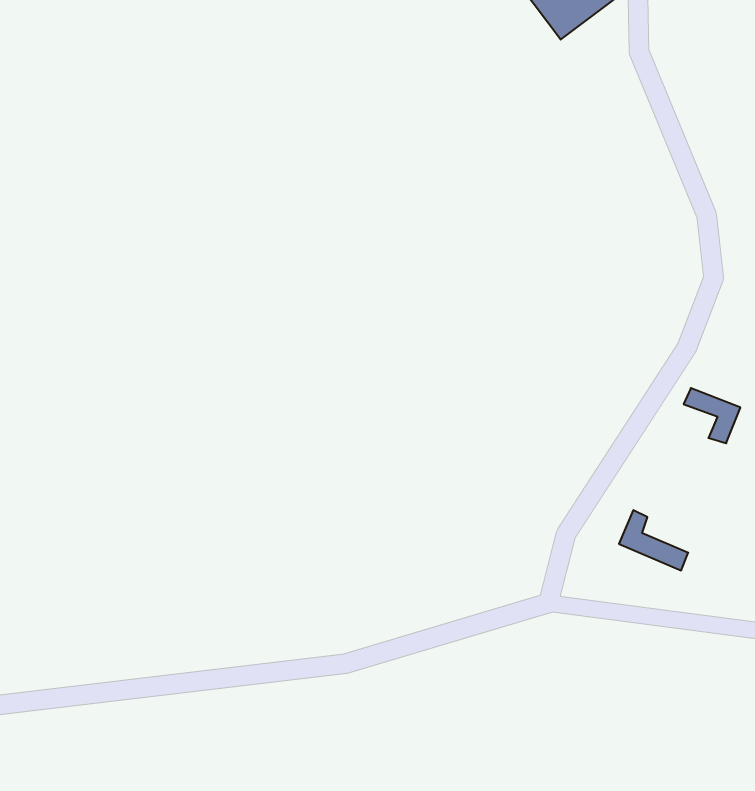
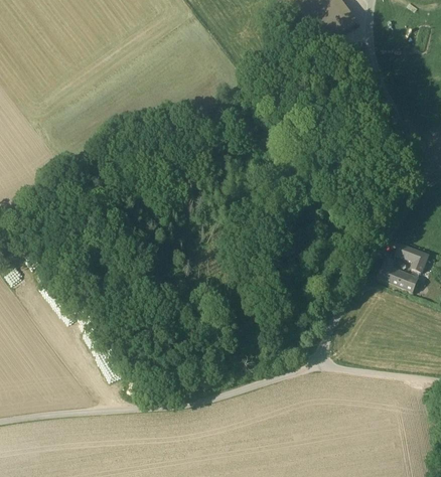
building: [619,510,688,570] -> [382,253,421,287]

